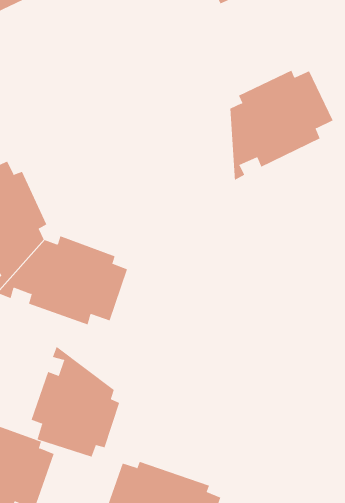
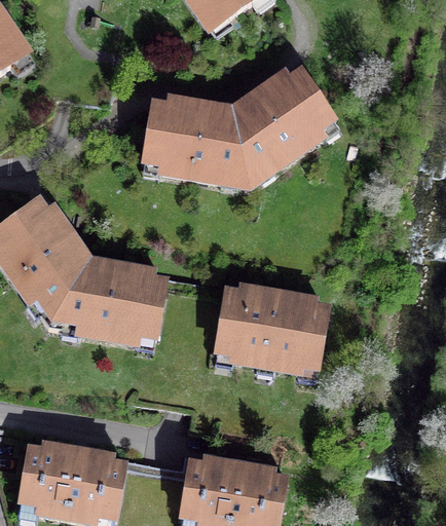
building: none -> [143,100,249,185]
building: none -> [216,288,327,369]
building: [31,346,120,457] -> none

